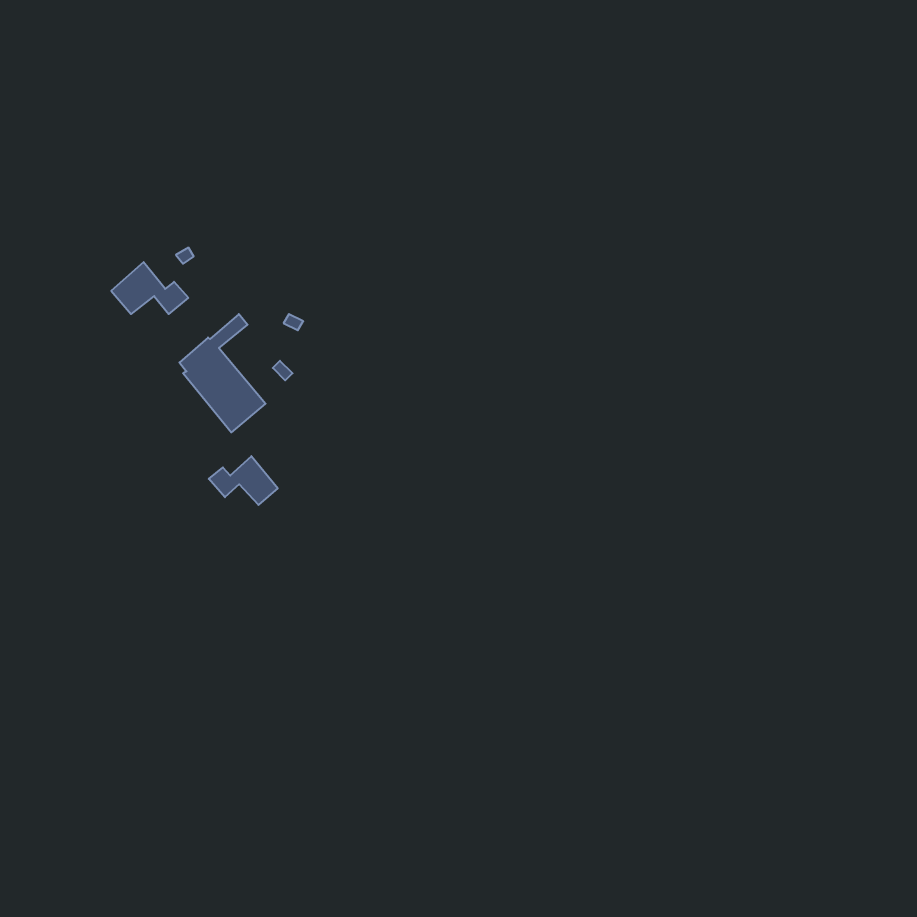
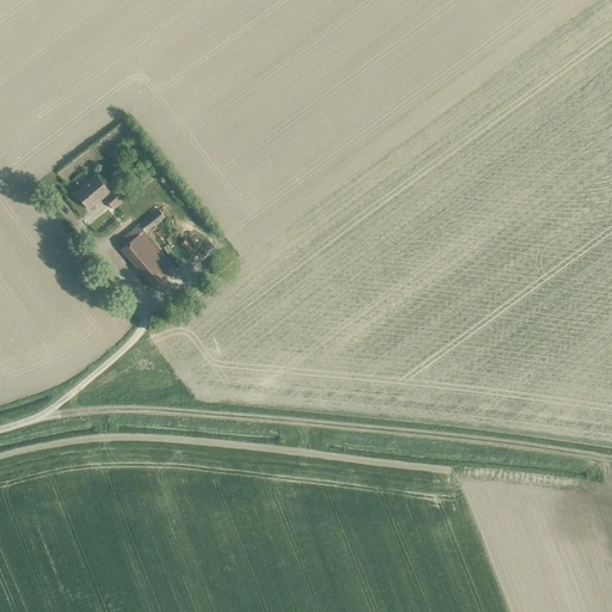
building: [209,456,278,505] -> none

